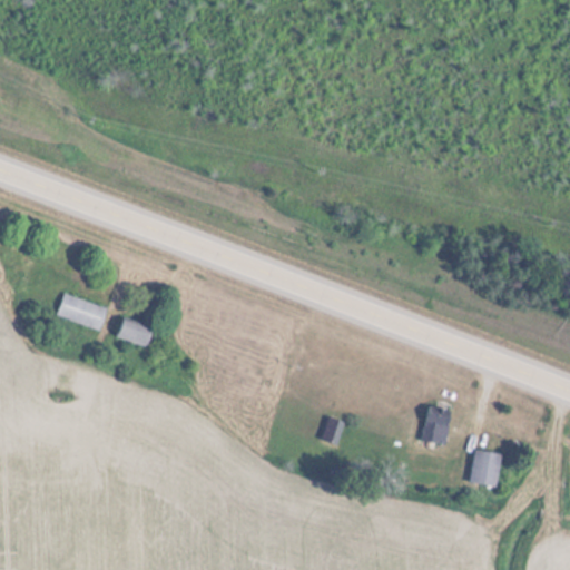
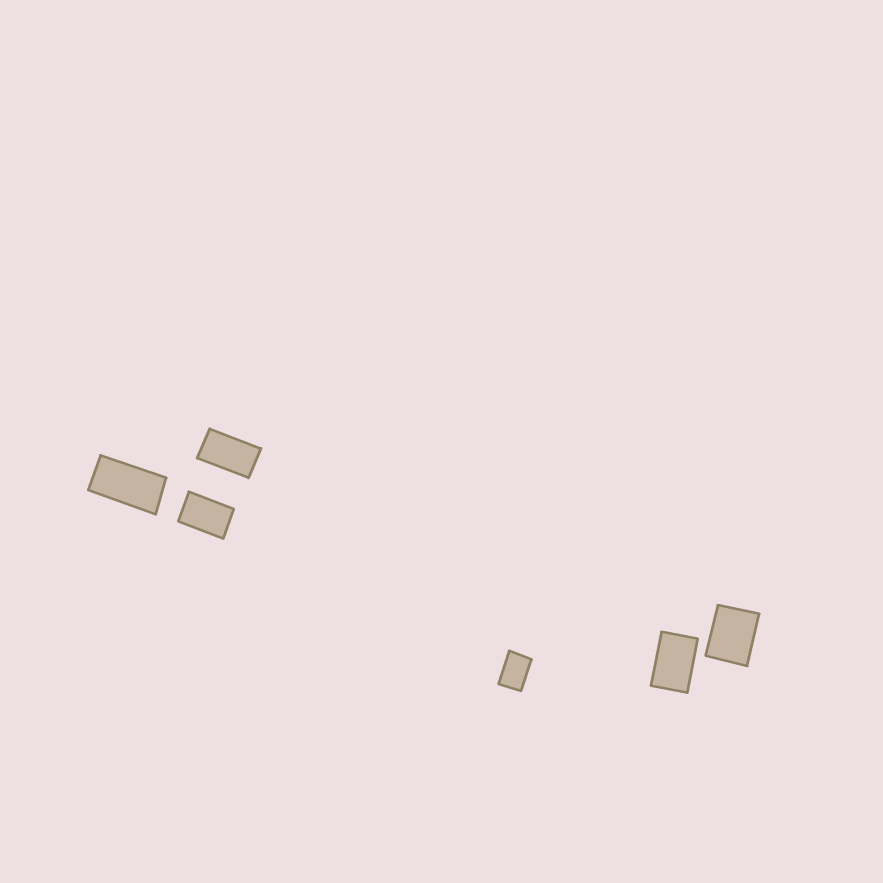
building: none -> [197,429,261,478]
building: [468,449,502,488] -> [706,605,759,666]

